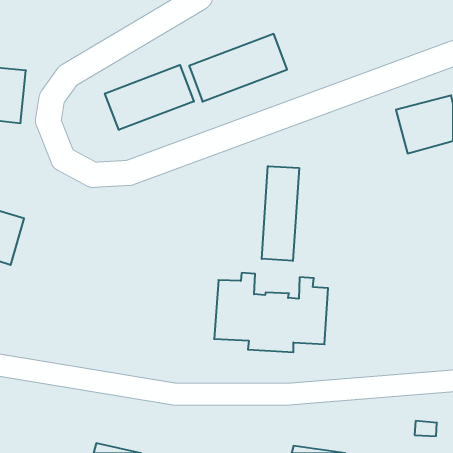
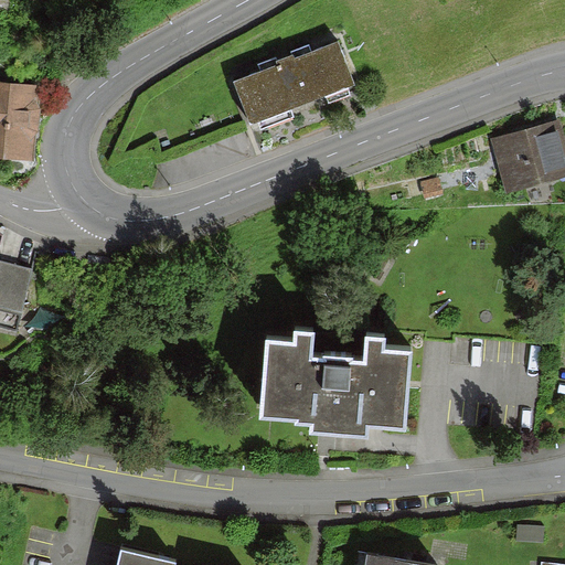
building: [105,65,194,130] -> none
building: [262,166,299,261] -> none

